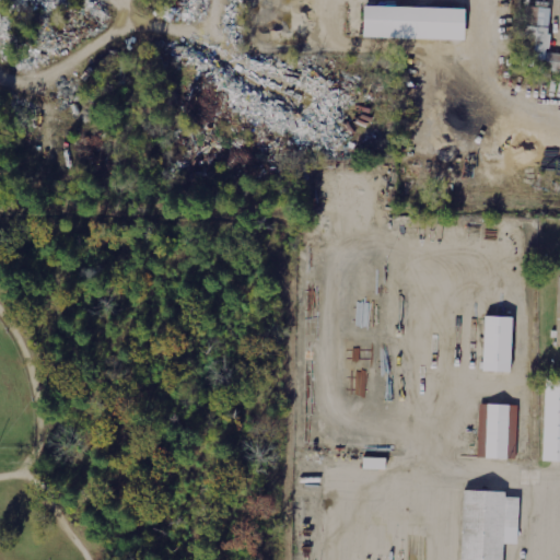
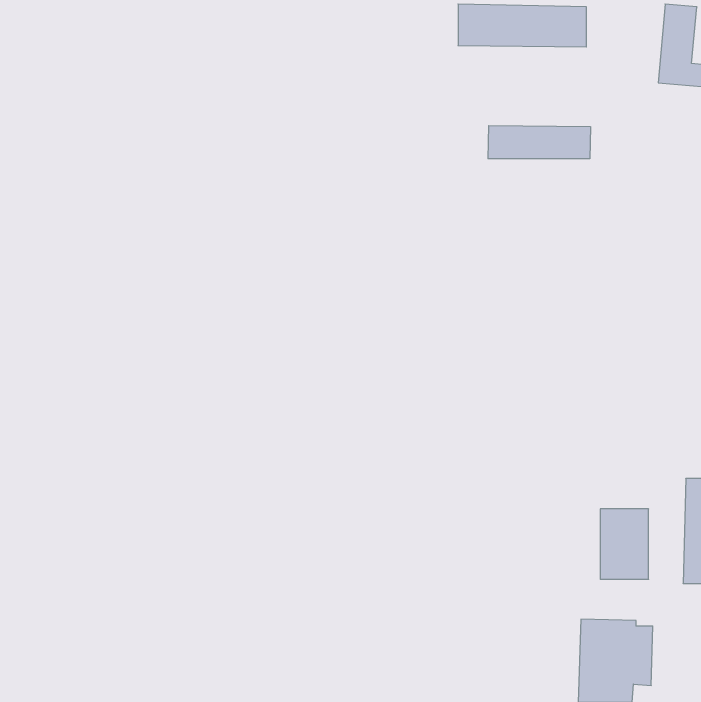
building: none -> [488,126,590,159]
building: [485,317,514,372] -> none

